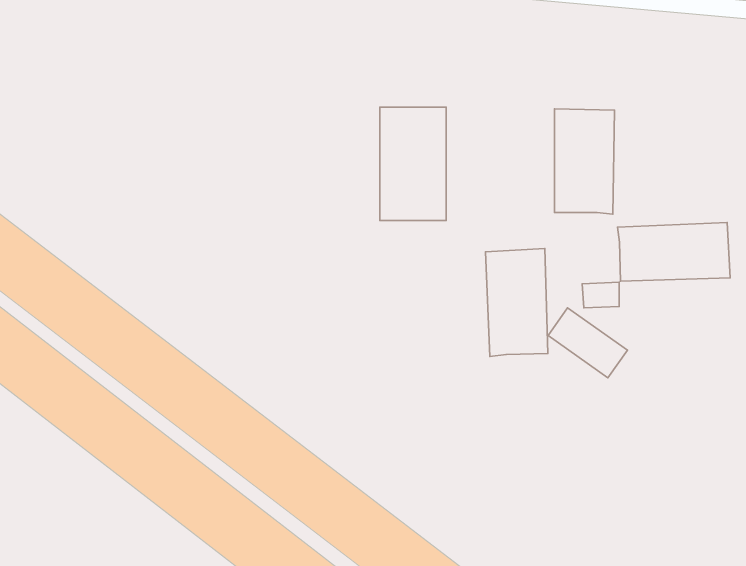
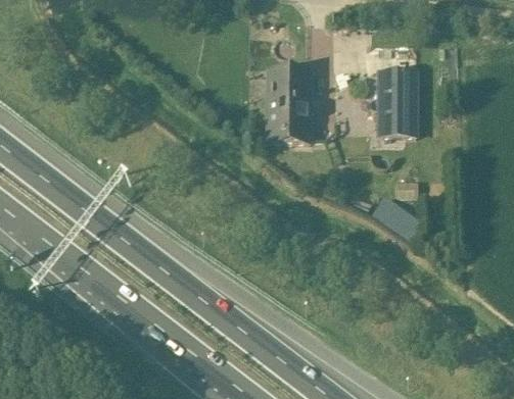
building: [618,222,730,281] -> none
building: [485,249,548,357] -> none

